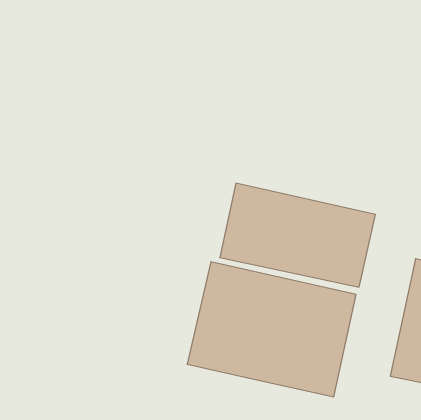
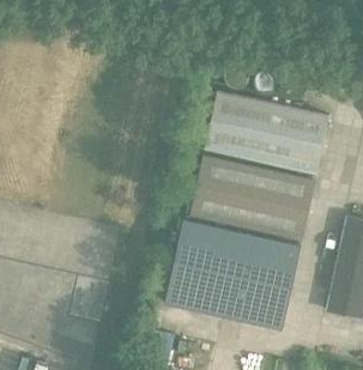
building: none -> [205,90,331,175]

